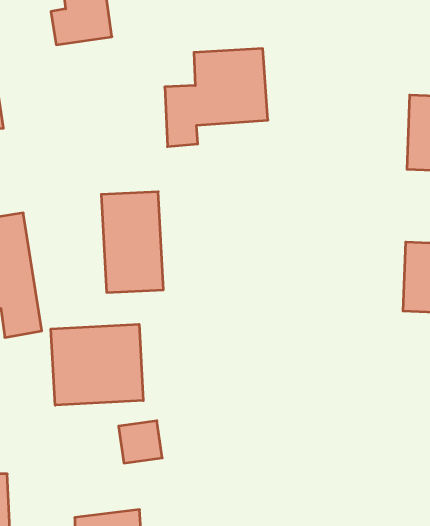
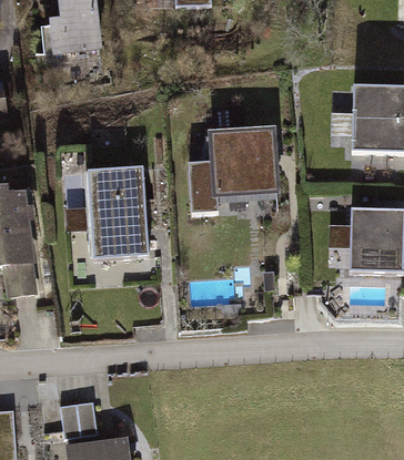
building: [165,49,268,147] -> [190,131,276,213]
building: [51,324,143,405] -> none
building: [119,421,162,463] -> [59,399,95,435]

